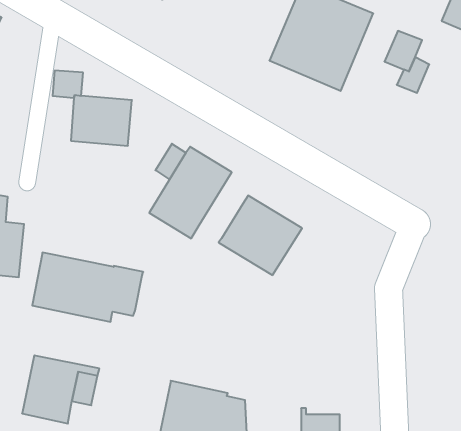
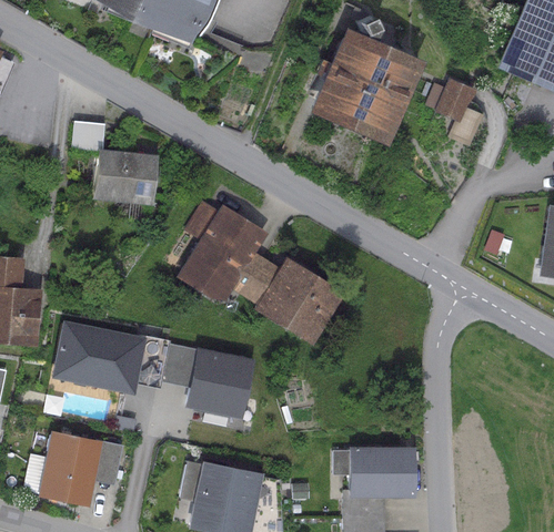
building: none -> [232,253,280,305]
building: none -> [162,345,254,418]
building: none -> [349,447,415,497]

